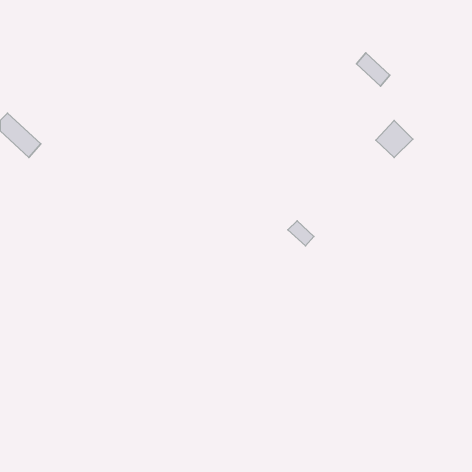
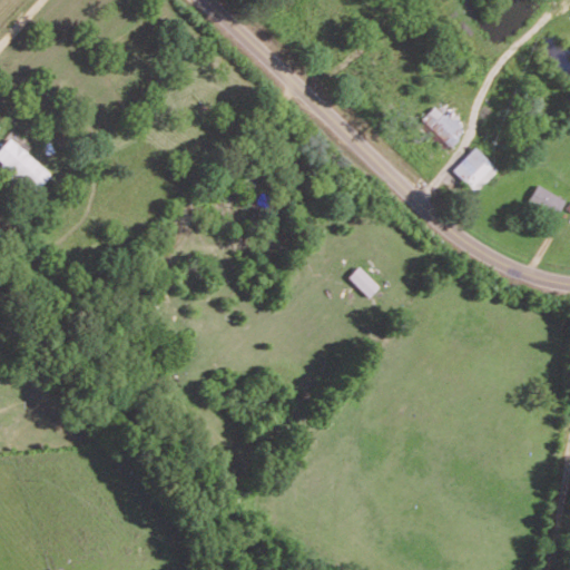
building: [356,53,390,86] -> [422,106,462,146]
building: none -> [529,187,564,214]

